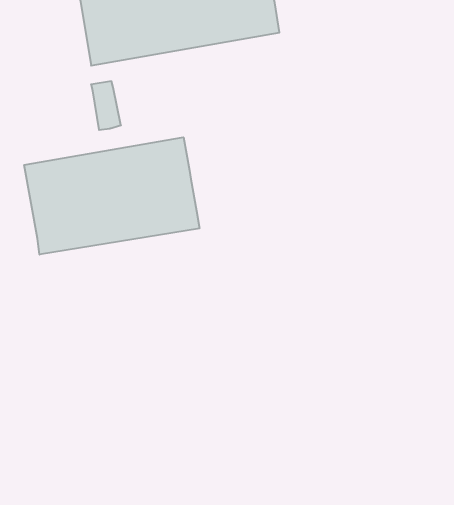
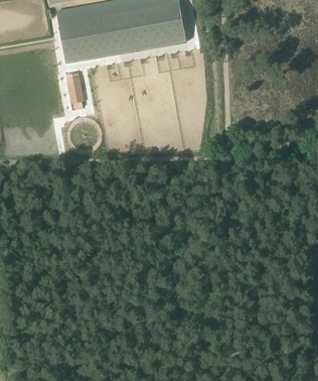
building: [24,137,199,255] -> none

